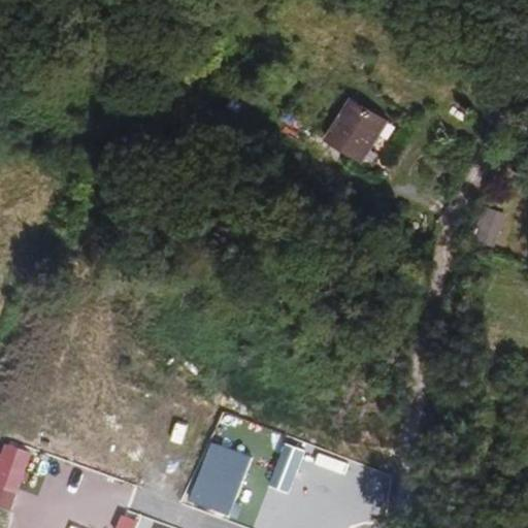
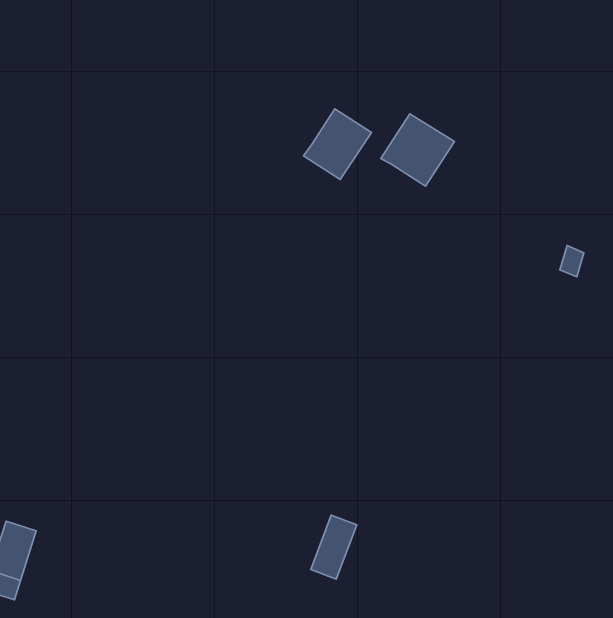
building: none -> [304,109,372,179]
building: [187,443,249,517] -> none

